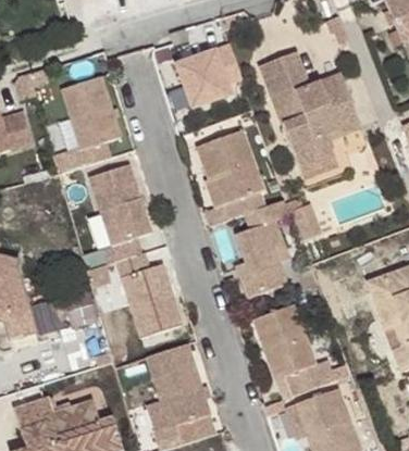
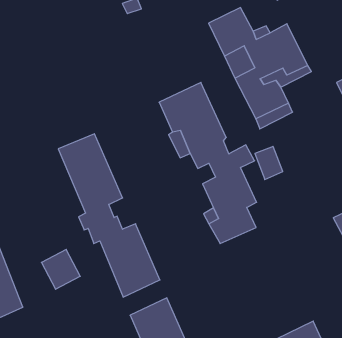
building: [176,48,241,111] -> none
building: [63,77,121,167] -> none
building: [255,301,334,392] -> none

